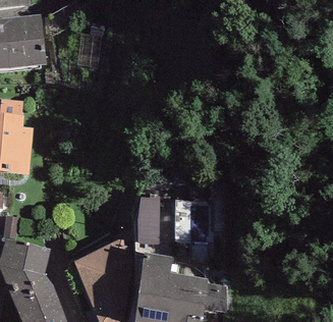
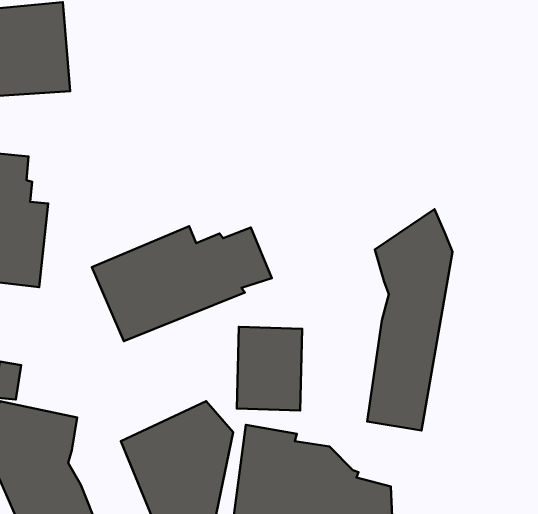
building: none -> [367,209,452,431]
building: none -> [92,226,272,341]

